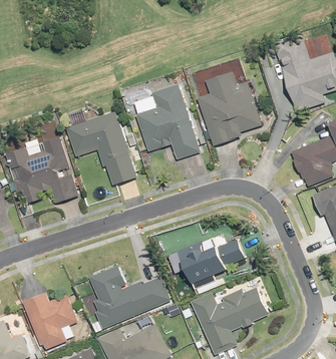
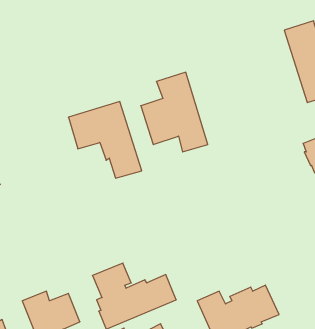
building: [198,71,262,146] -> none
building: [5,137,77,204] -> none
building: [167,235,245,289] -> none

